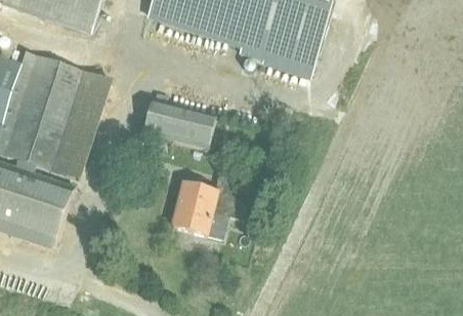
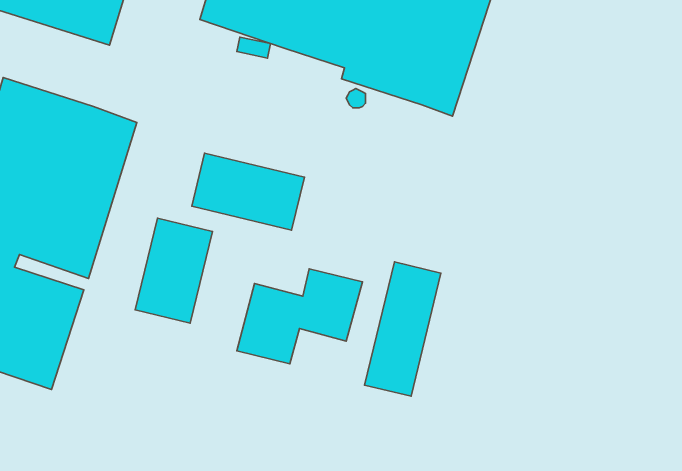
building: none -> [135,218,213,323]
building: none -> [365,262,441,396]

